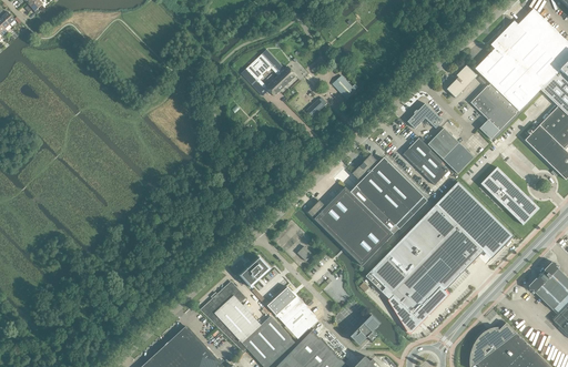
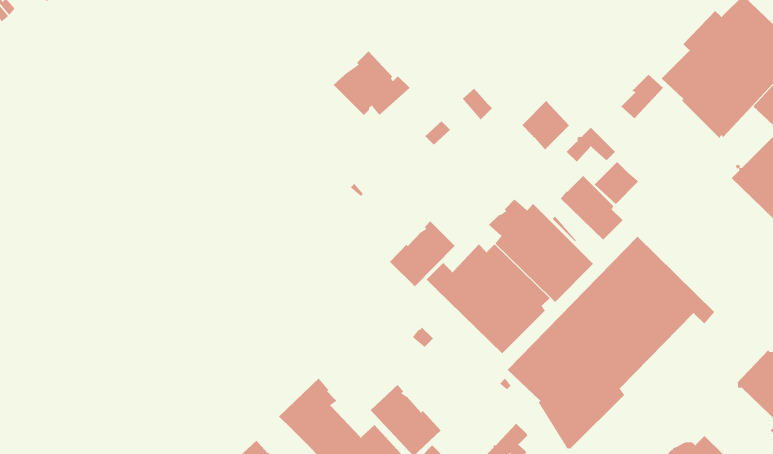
building: none -> [521,100,570,150]
building: [469,84,516,139] -> none
building: [442,142,473,173] -> none
building: [480,167,537,223] -> none
building: none -> [389,220,455,287]
building: [239,256,270,287] -> none

